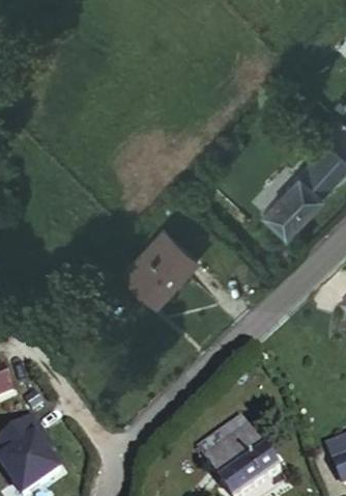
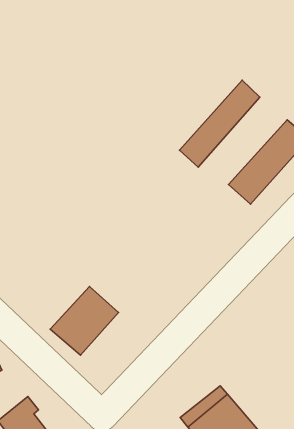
building: none -> [179,80,260,167]
building: [118,226,191,298] -> [50,286,119,355]

